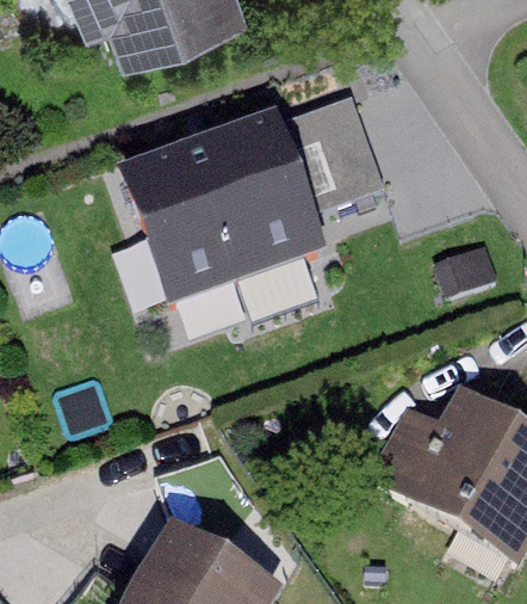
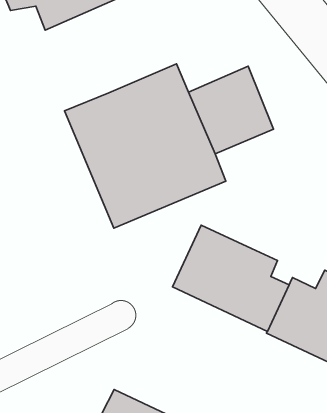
building: none -> [172,225,289,331]

